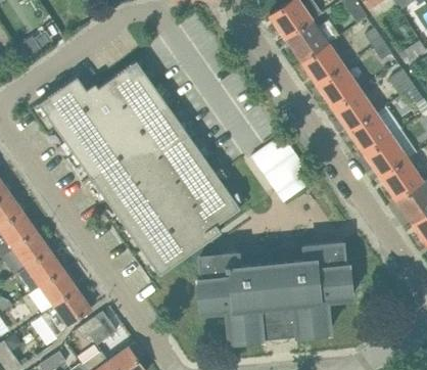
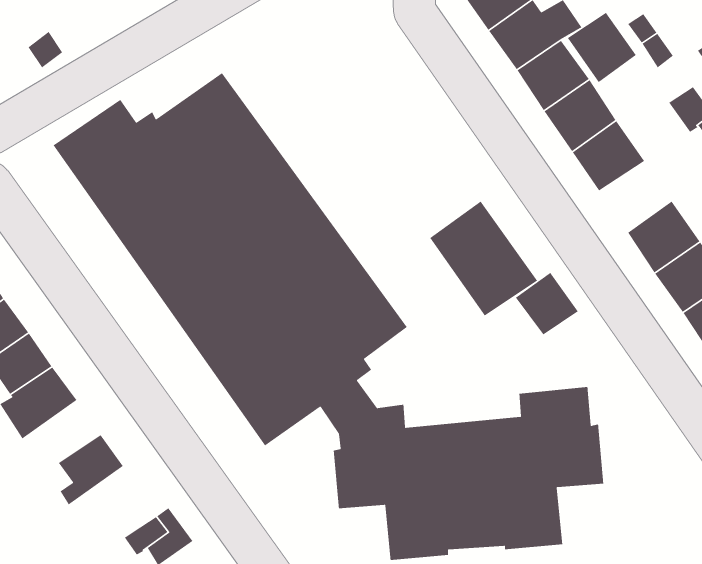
building: none -> [567,12,637,83]
building: [349,113,391,154] -> none
building: none -> [515,272,579,336]
building: [19,250,64,286] -> none
building: [41,288,92,339] -> none

